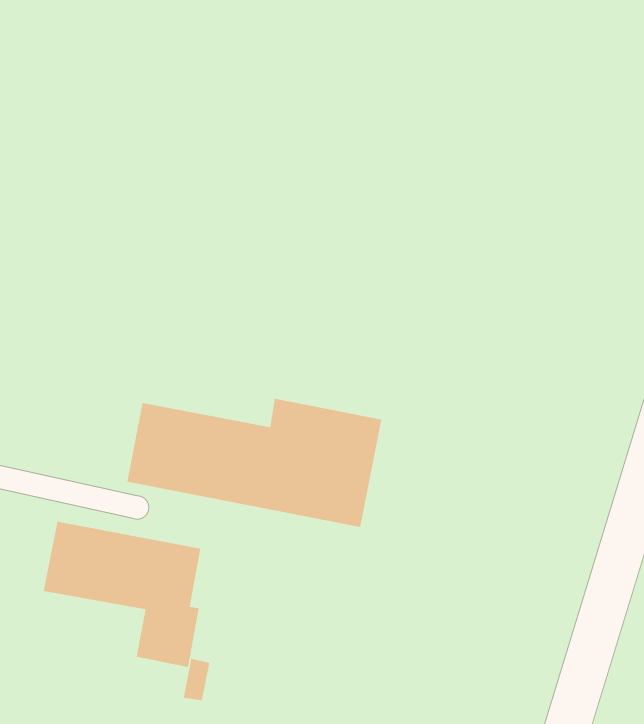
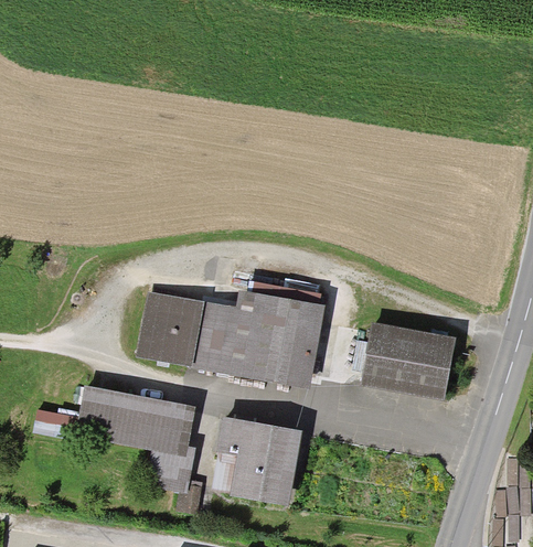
building: none -> [363,324,452,395]
building: none -> [218,417,303,508]

